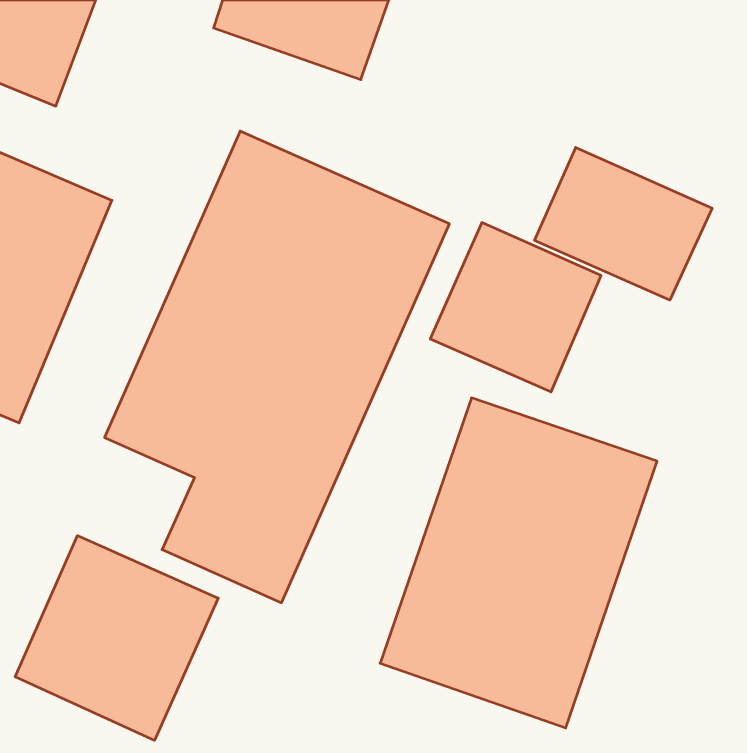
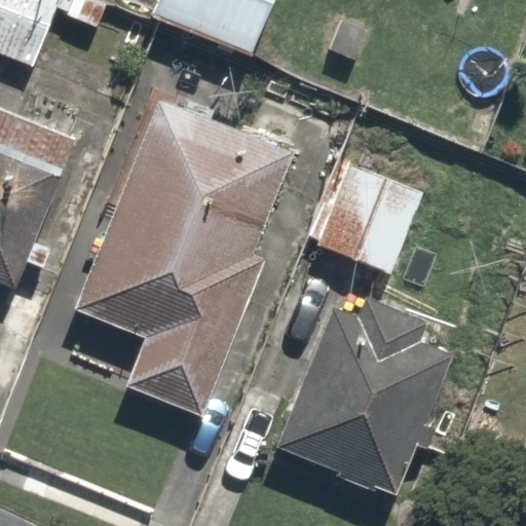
building: [535,147,712,300] -> none
building: [15,536,218,740] -> none

